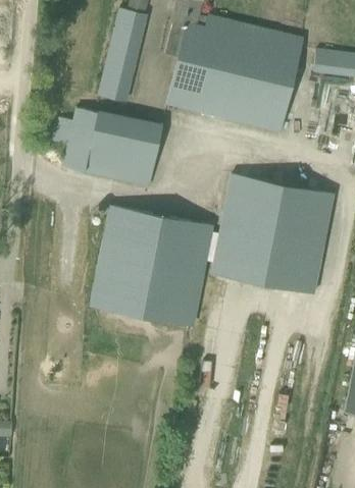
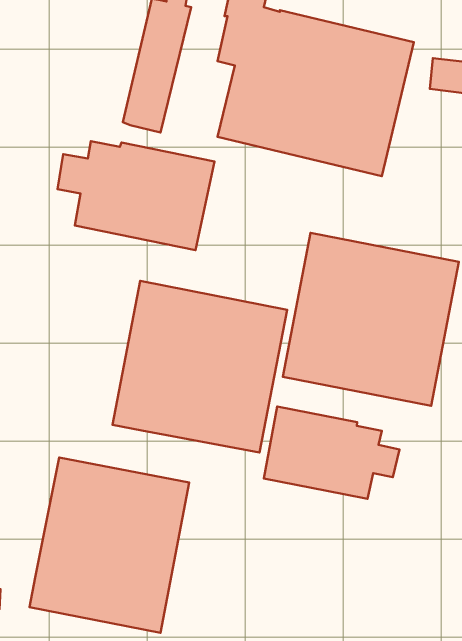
building: none -> [264,406,400,499]
building: none -> [29,457,189,633]

